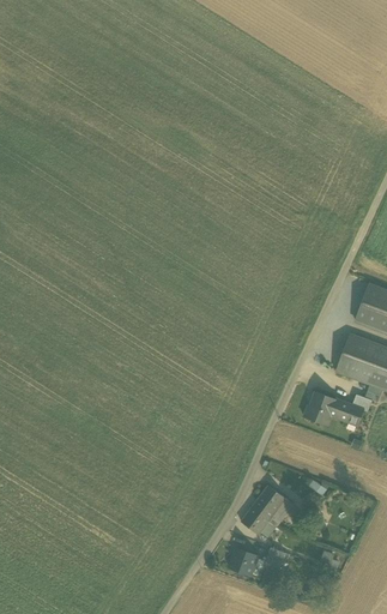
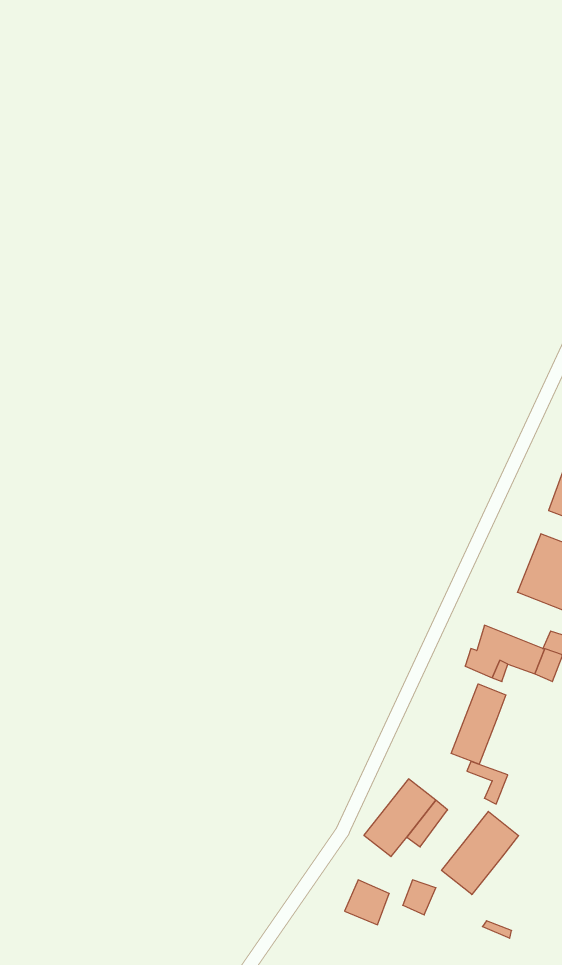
building: none -> [451,684,506,764]
building: none -> [442,811,519,895]

